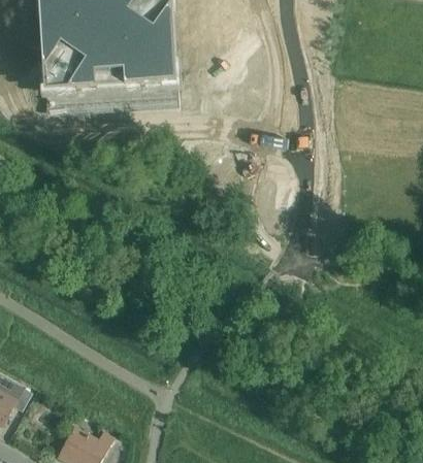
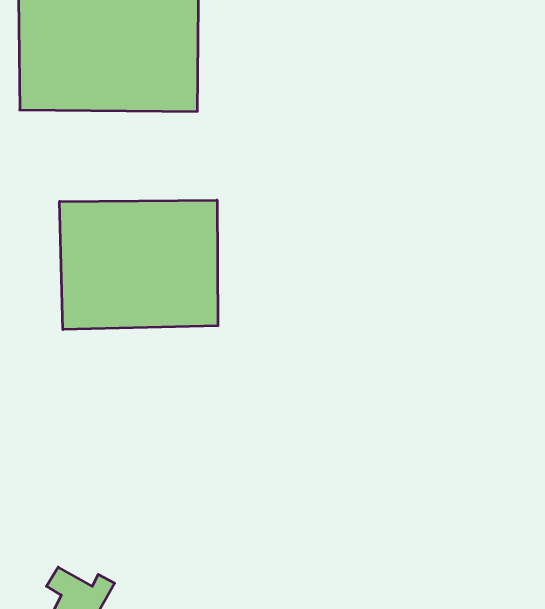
building: none -> [60,200,218,330]

